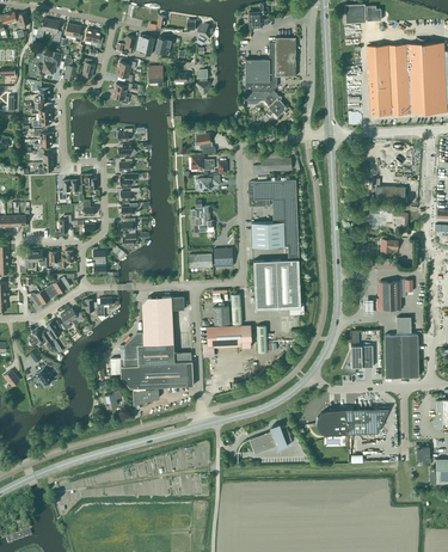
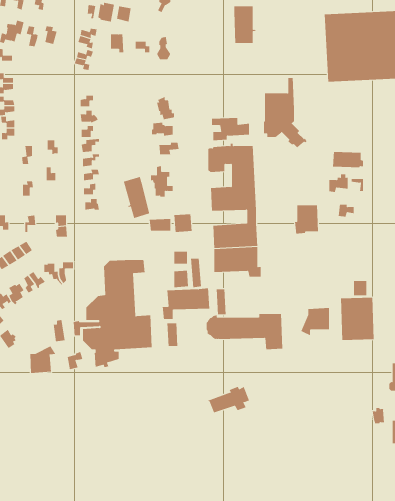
building: [244,44,289,117] -> [263,78,308,149]
building: none -> [123,176,150,219]
building: [376,282,401,312] -> [294,205,319,234]
building: none -> [30,345,57,374]
building: [317,409,395,446] -> [206,314,283,350]

